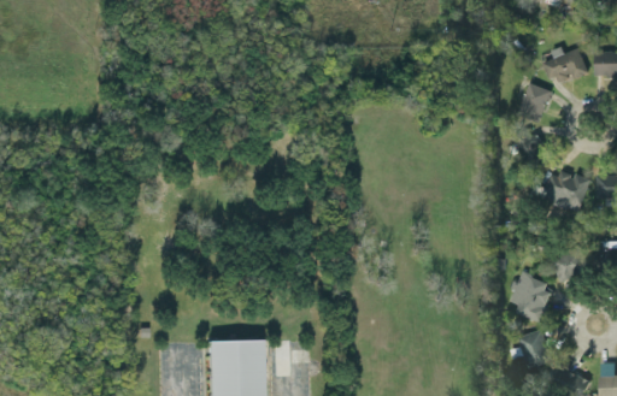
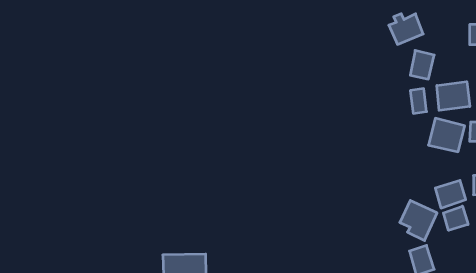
building: [545,47,588,85] -> [389,14,423,44]
building: none -> [437,82,470,110]
building: none -> [443,206,468,230]

